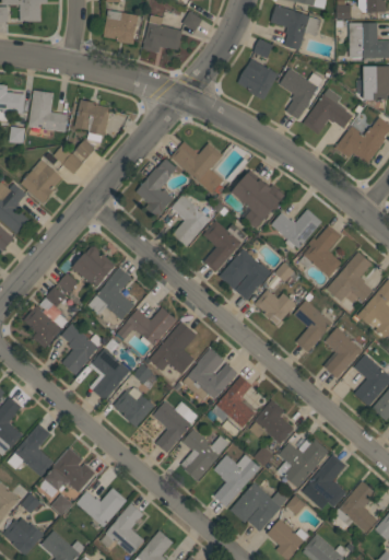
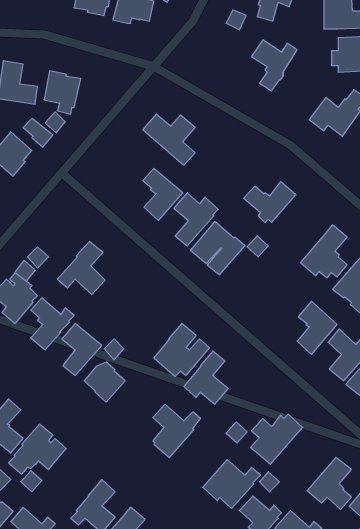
building: [237,59,279,100] -> none
building: [303,89,353,135] -> none
building: [137,159,177,219] -> none
building: [232,174,285,230] -> none
building: [298,225,342,278] -> none
building: [73,246,116,288] -> none
building: [255,289,296,326] -> none
building: [293,300,333,352] -> none
building: [118,307,176,347] -> none
building: [150,322,197,374] -> none
building: [249,400,294,444] -> none
building: [153,401,198,454] -> none
building: [213,454,261,508] -> none
building: [302,455,346,510] -> none
building: [76,488,128,527] -> none

